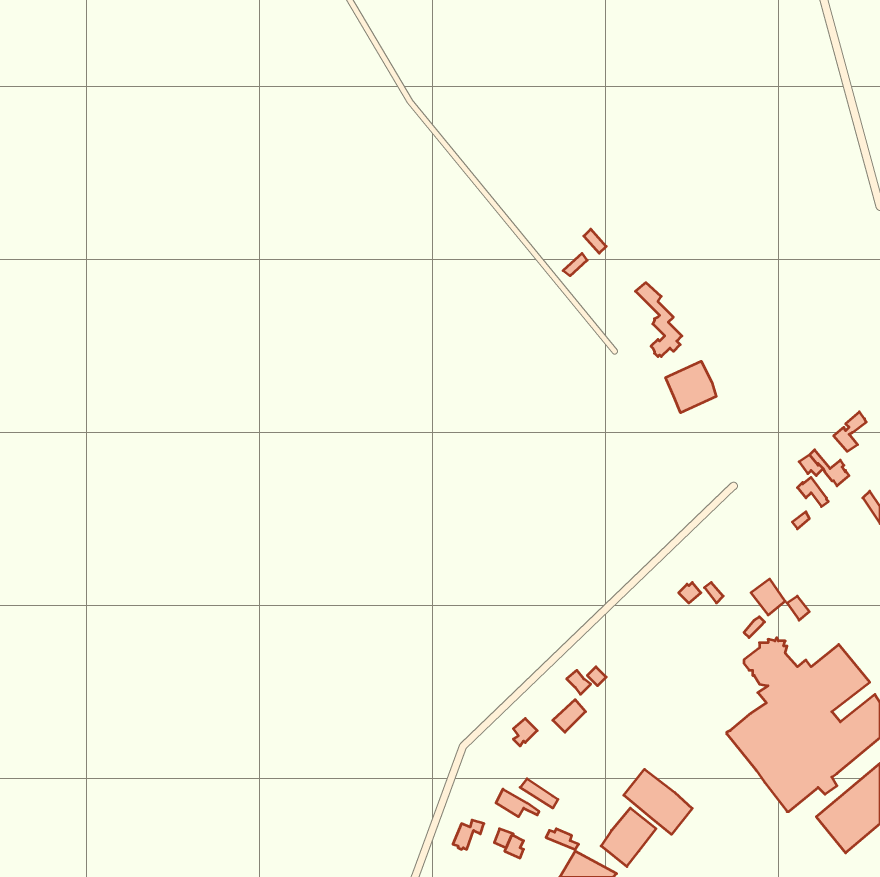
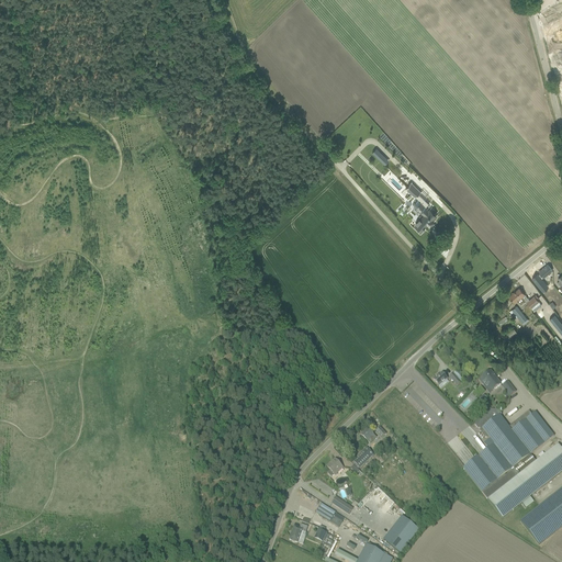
building: [666,361,716,413] -> none
building: [624,769,692,834] -> none

